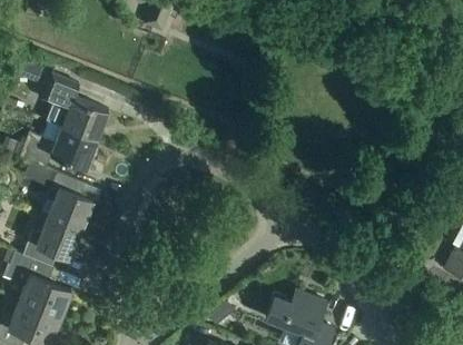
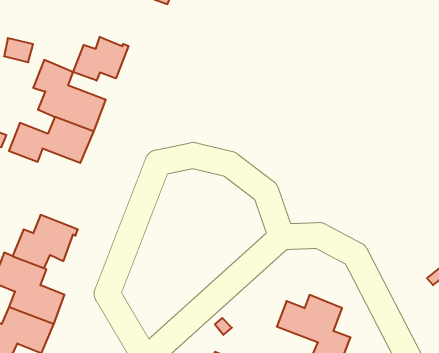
building: none -> [73,37,128,81]
building: [40,172,92,230] -> none

